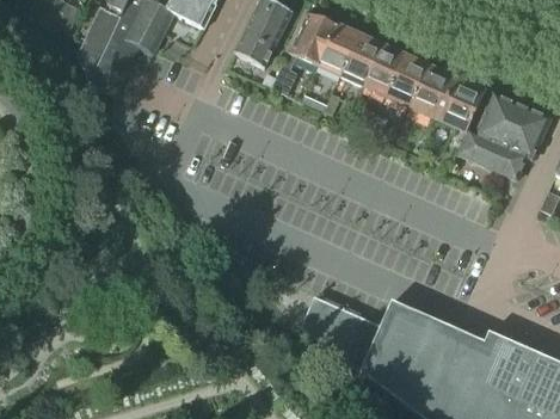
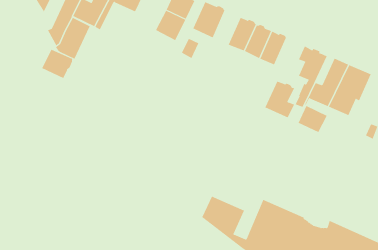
building: [318,24,357,74] -> none
building: [407,64,451,119] -> [265,81,295,118]
building: none -> [41,49,73,79]
building: none -> [298,105,327,133]

